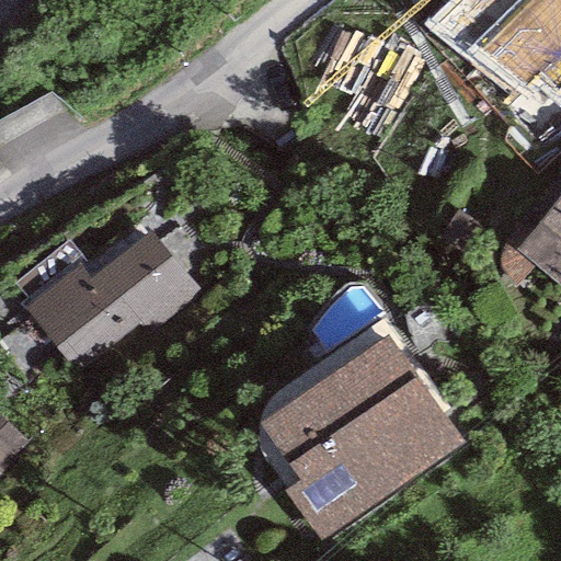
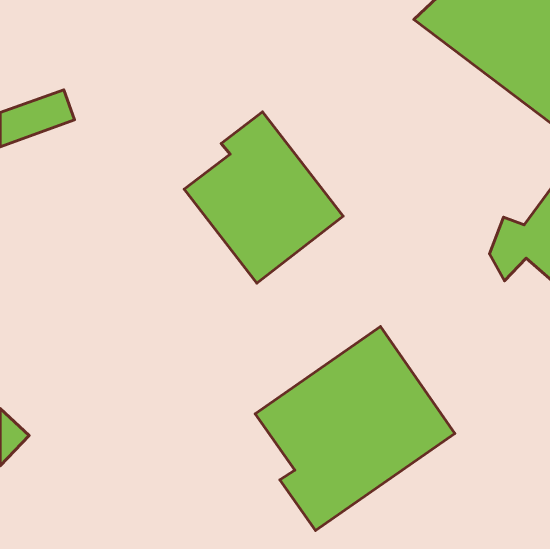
building: none -> [184,112,343,283]
building: [24,228,202,368] -> none

